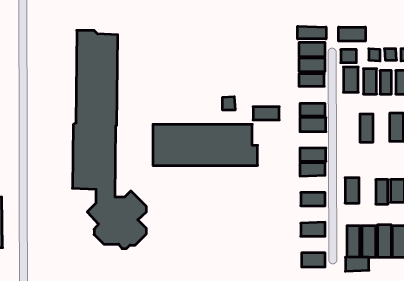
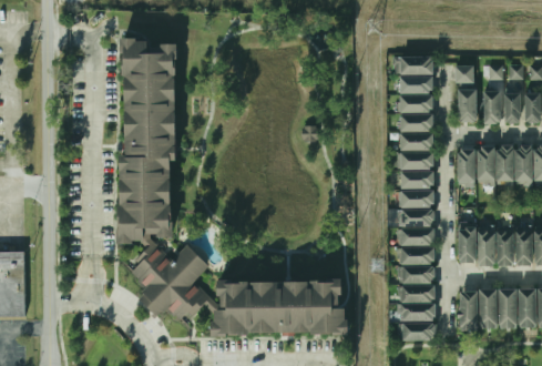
building: [298,26,326,39] -> none
building: [339,27,365,41] -> none
building: [253,107,279,120] -> [400,115,433,132]
building: none -> [497,148,513,183]
building: none -> [458,151,475,183]
building: [153,124,258,165] -> [208,281,341,333]
building: none -> [401,173,433,190]
building: none -> [402,230,433,246]
building: none -> [479,233,495,263]
building: none -> [402,267,433,285]
building: [345,257,369,271] -> [403,305,433,323]

